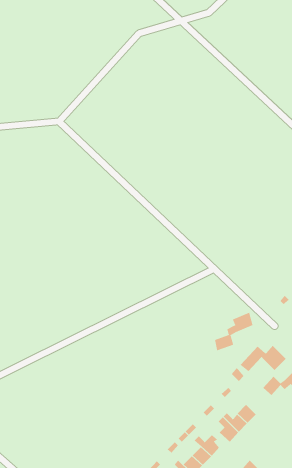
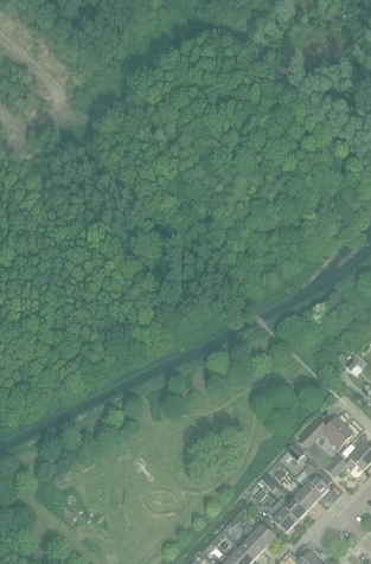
building: [214,312,253,351] -> none
building: none -> [299,457,331,499]

